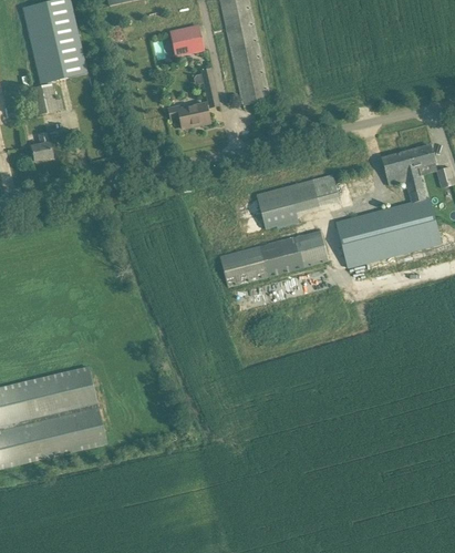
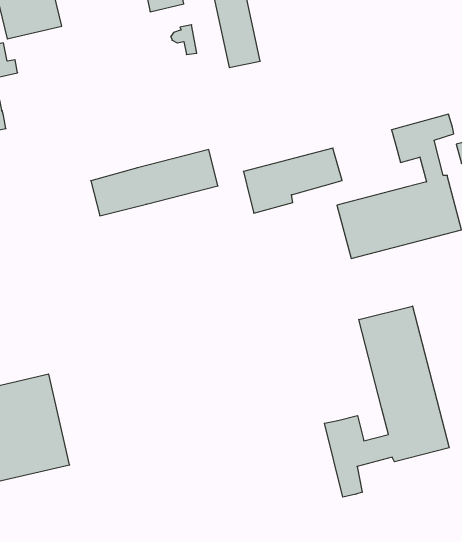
building: [167,102,209,127] -> none
building: [219,229,328,286] -> [91,150,218,216]
building: none -> [324,306,449,497]

